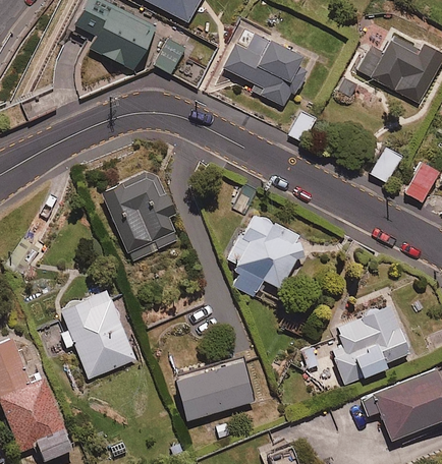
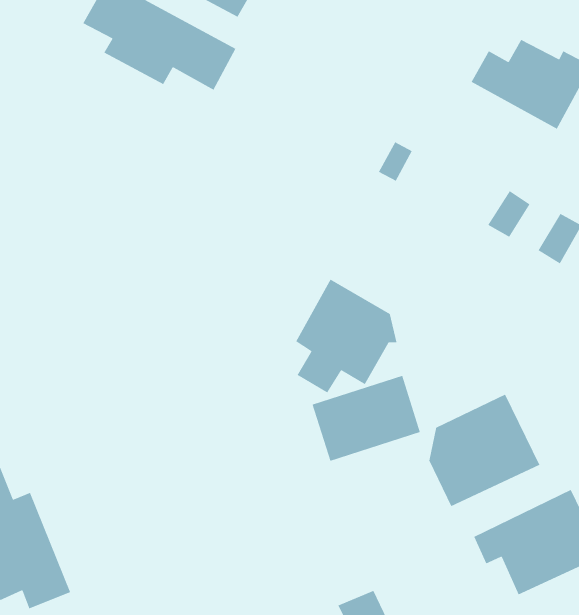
building: [225,36,314,107] -> none
building: [101,167,176,256] -> none
building: [57,283,135,378] -> none
building: [171,353,251,416] -> [312,375,421,462]

